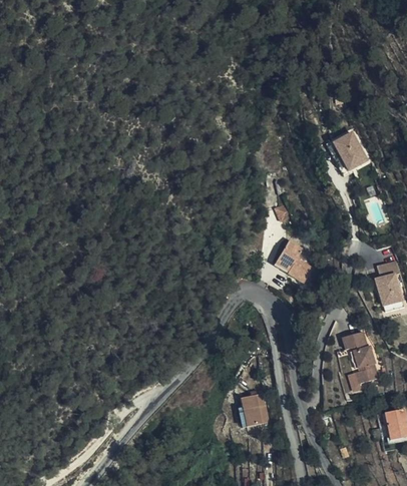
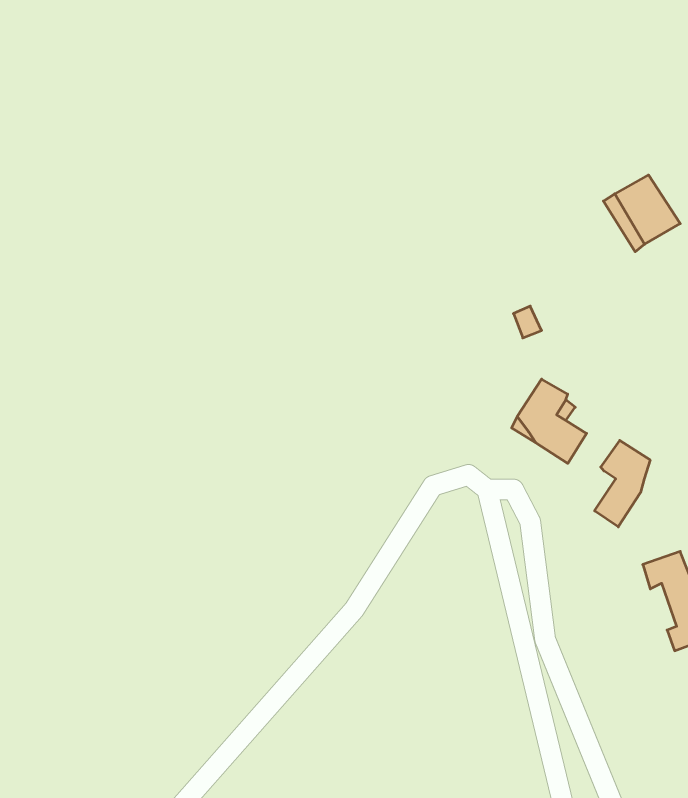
building: none -> [595,440,650,527]
building: [239,386,265,420] -> none

